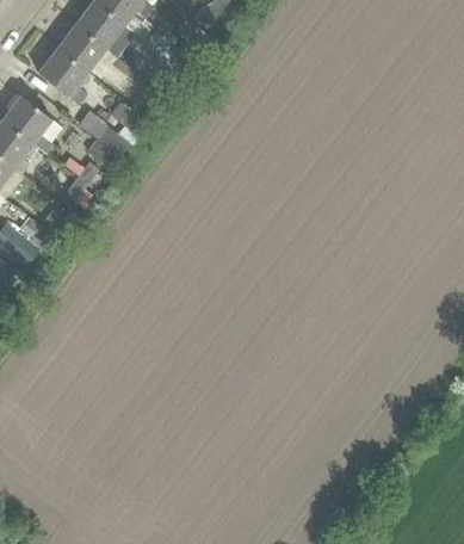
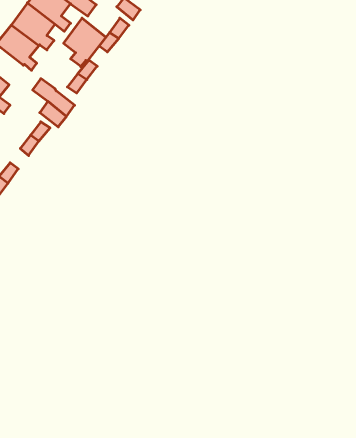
building: none -> [64,18,106,67]

